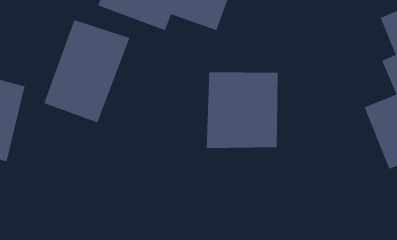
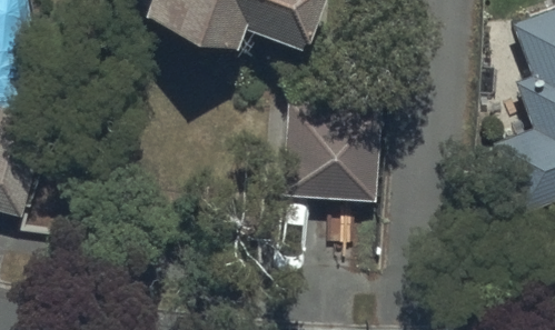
building: [43,19,131,123] -> none

